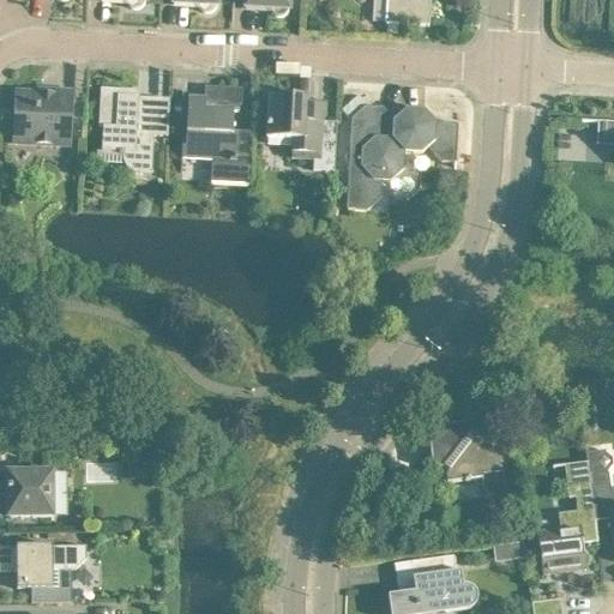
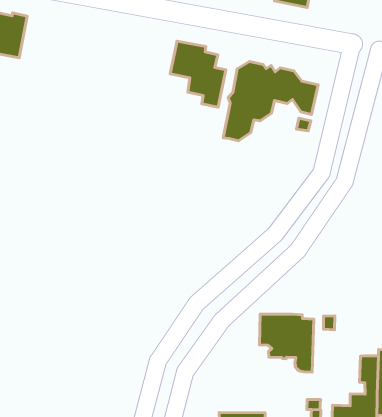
building: [98,85,169,173] -> none
building: [185,86,252,180] -> none

